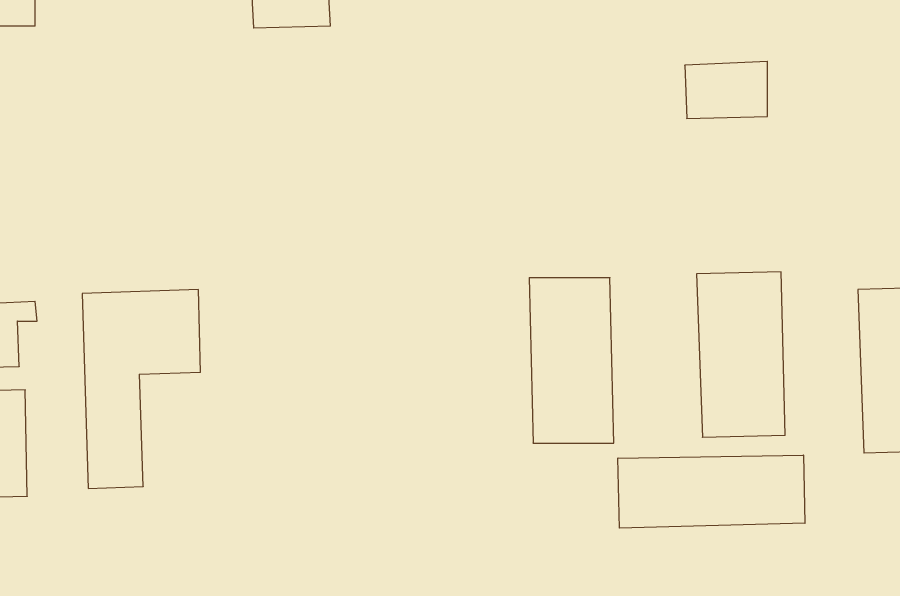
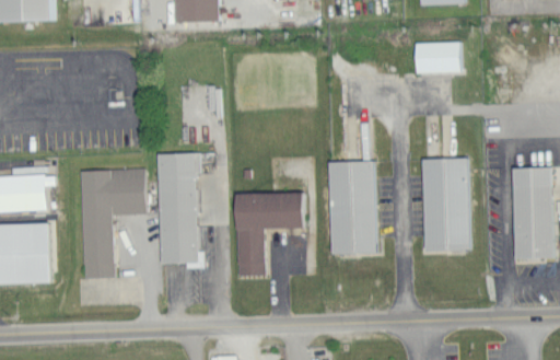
building: none -> [159,153,205,269]
building: none -> [236,193,303,276]
building: [618,455,805,528] -> none

